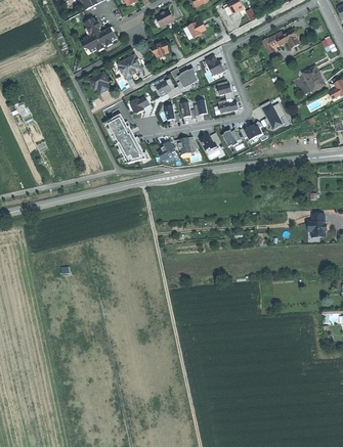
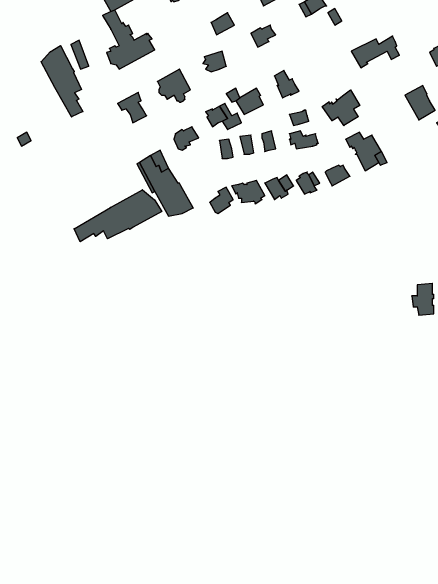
building: none -> [41,46,83,117]
building: none -> [322,90,360,126]
building: none -> [74,190,162,242]

